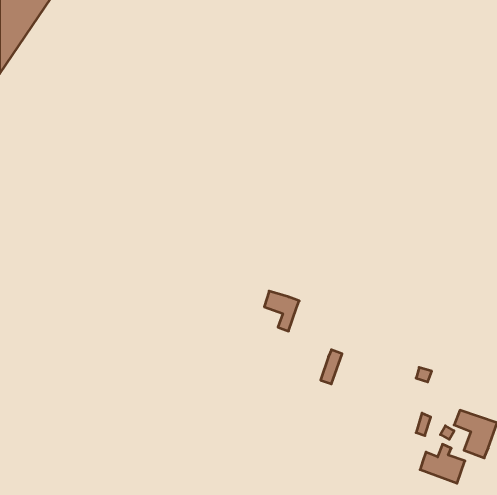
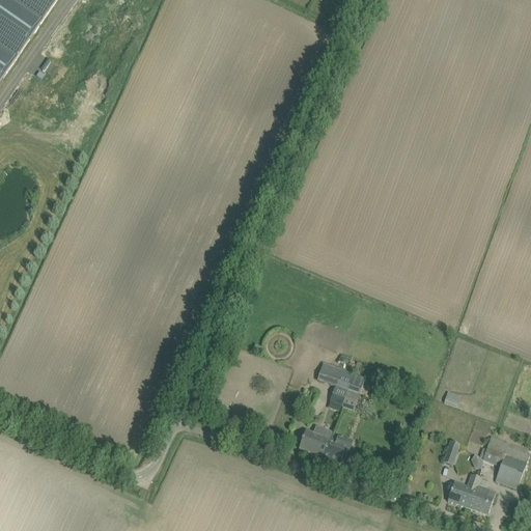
building: [264,291,299,331] -> [315,362,353,404]
building: none -> [298,428,352,462]

